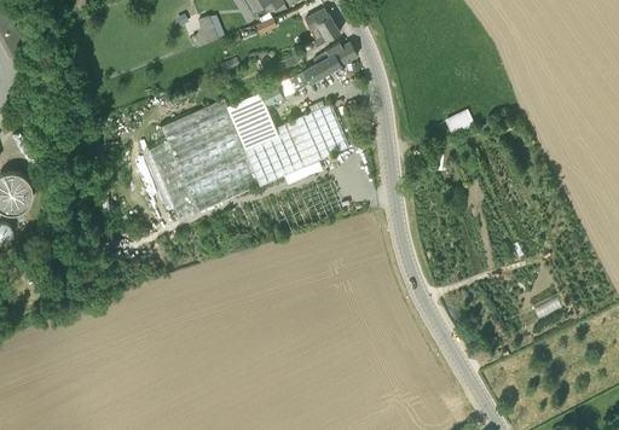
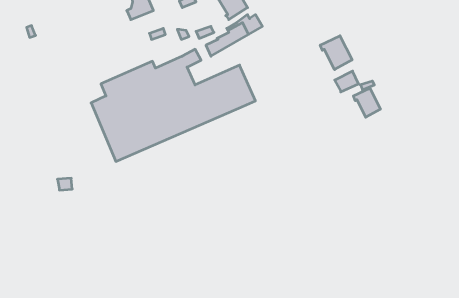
building: none -> [320,36,352,70]
building: none -> [353,88,380,117]

